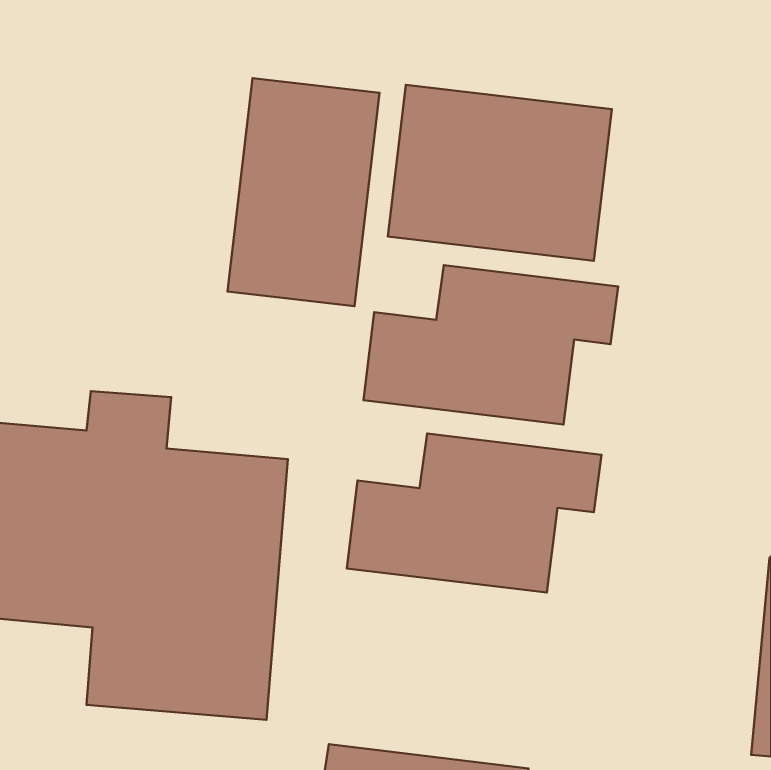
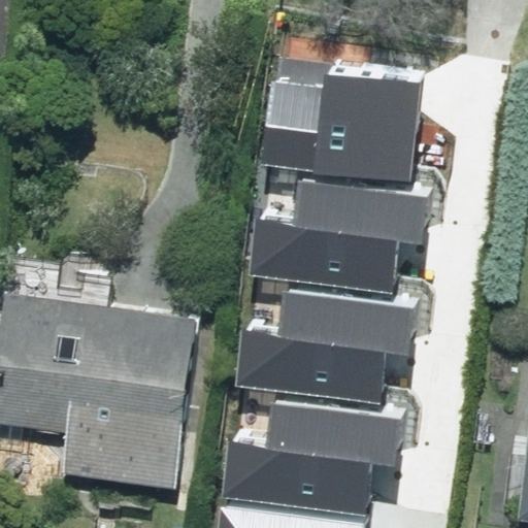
building: [228,78,380,306] -> none
building: none -> [228,403,401,512]

